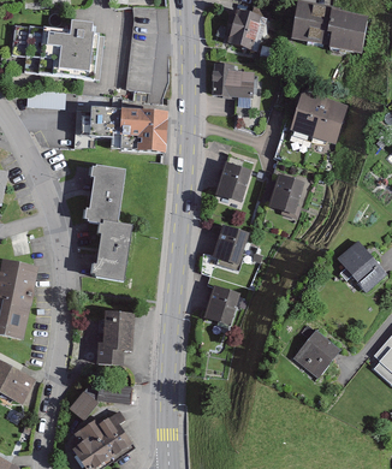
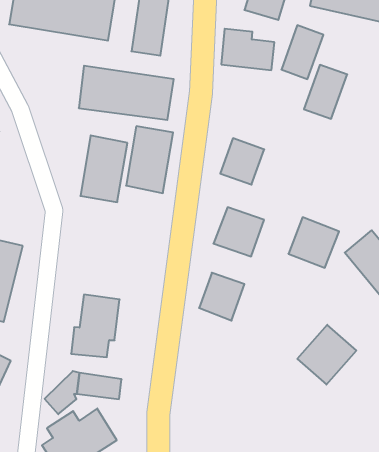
building: [309,99,345,147] -> [281,25,323,79]
building: [262,172,307,216] -> [288,217,339,268]
building: [94,225,133,284] -> [126,126,173,193]

